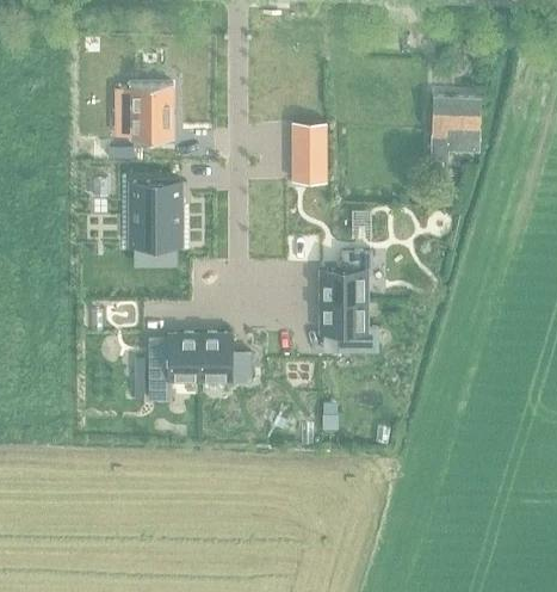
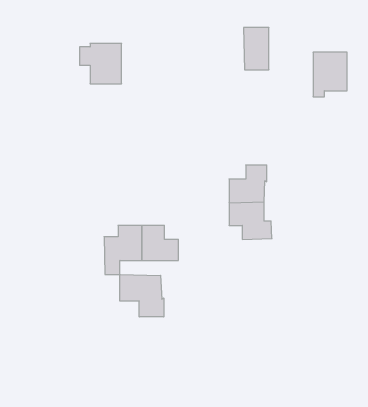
building: [290,125,324,183] -> [244,28,269,70]
building: [128,181,181,245] -> none
building: none -> [120,274,164,317]

